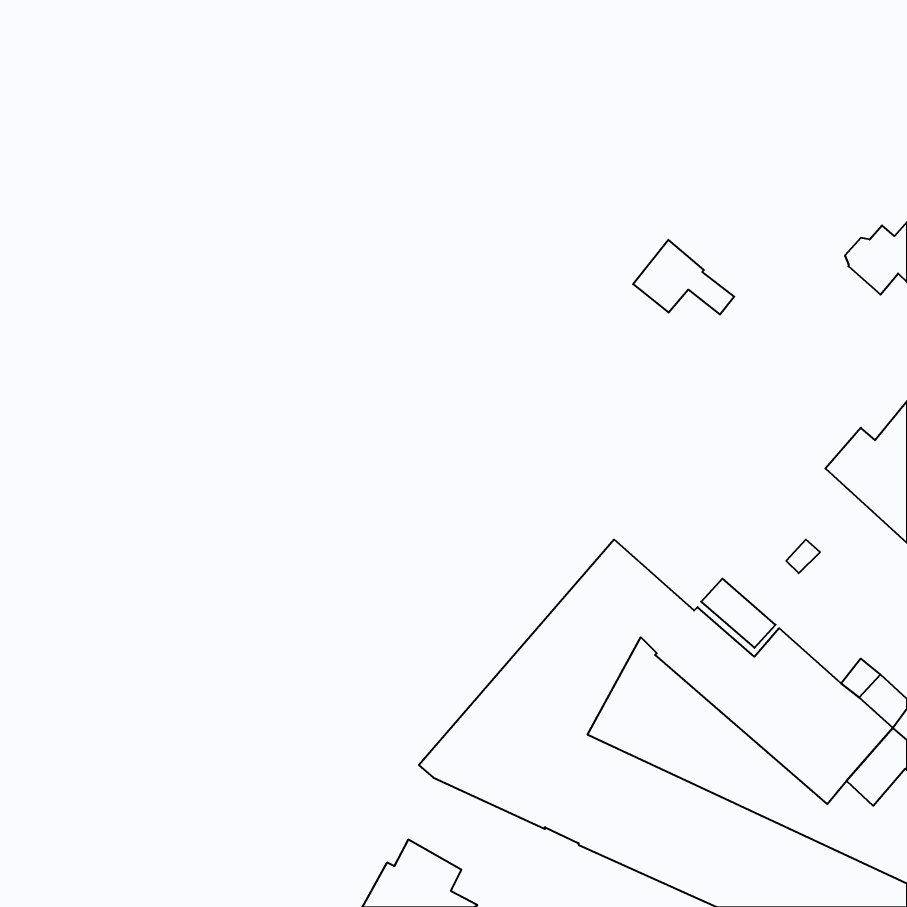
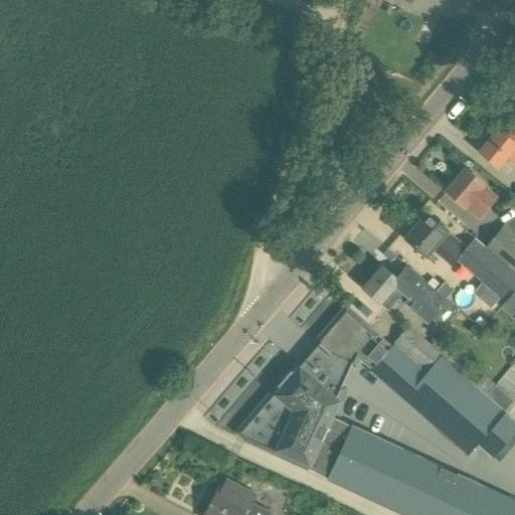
building: [633,240,734,314] -> [407,213,465,255]
building: none -> [447,168,497,216]
building: none -> [364,265,449,317]

